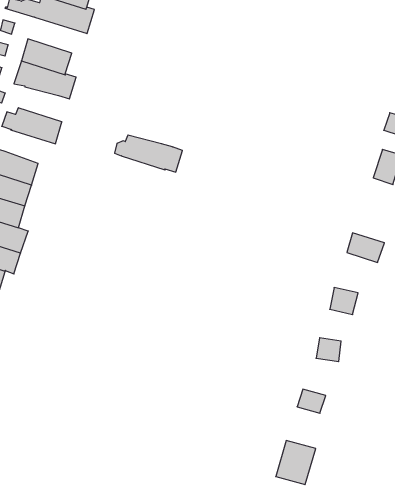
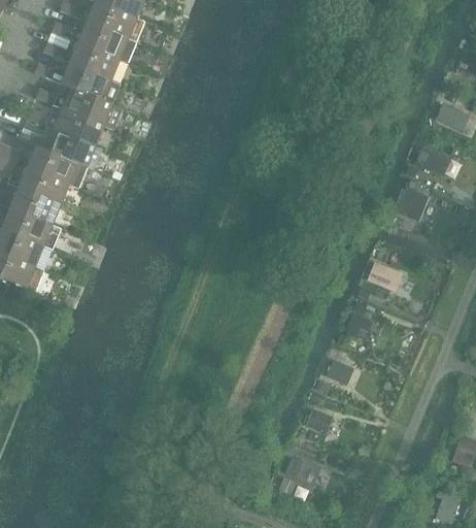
building: none -> [68,23,134,62]
building: none -> [44,130,94,169]
building: [115,135,182,172] -> [55,90,121,130]

